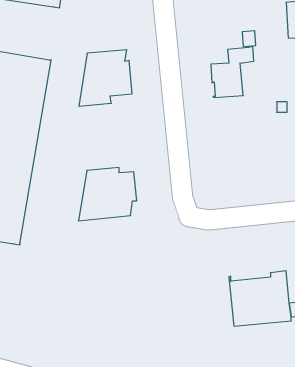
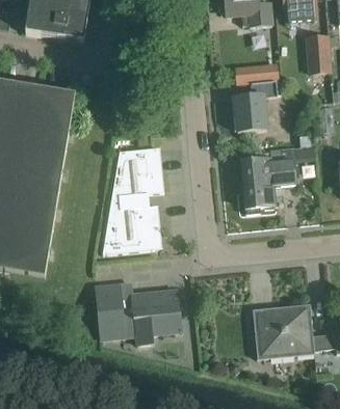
building: [79,50,132,106] -> [110,146,163,202]
building: none -> [239,157,295,207]
building: none -> [94,280,182,343]

